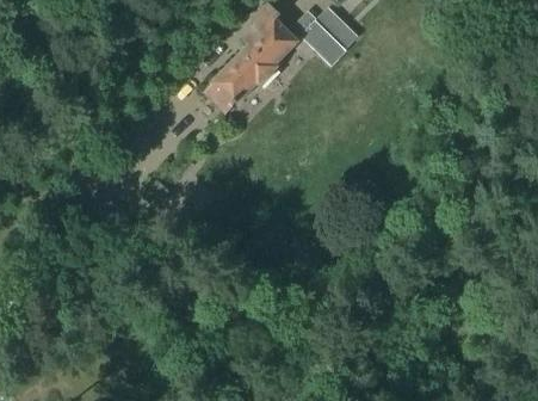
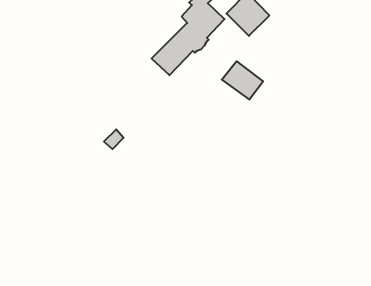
building: none -> [222,61,263,100]

